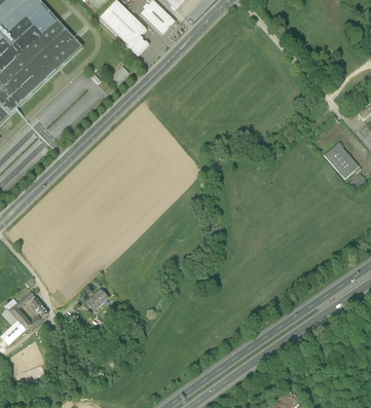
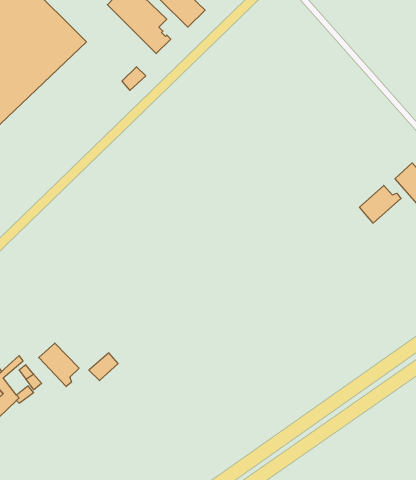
building: none -> [360,185,401,223]
building: none -> [39,343,79,387]

